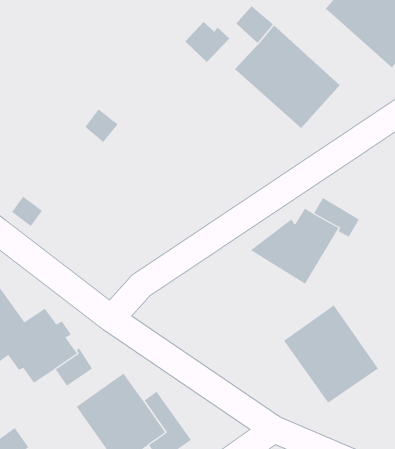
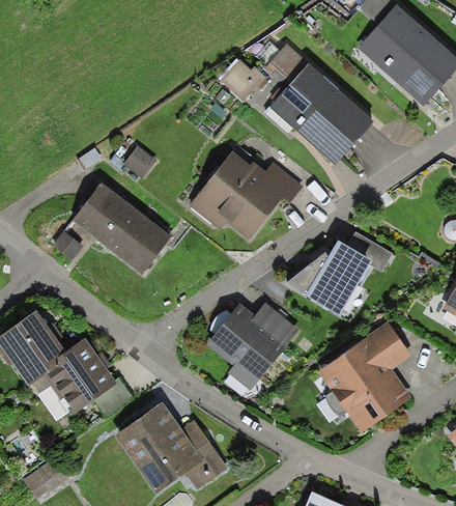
building: none -> [189,150,303,240]
building: none -> [72,182,171,274]
building: none -> [206,302,298,389]
building: none -> [367,320,411,369]

